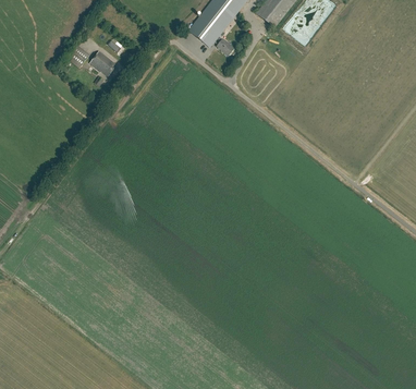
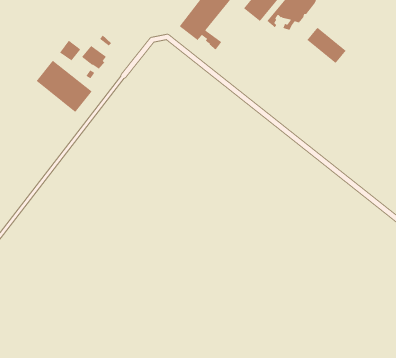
building: none -> [307,27,346,64]
building: none -> [36,60,92,113]

